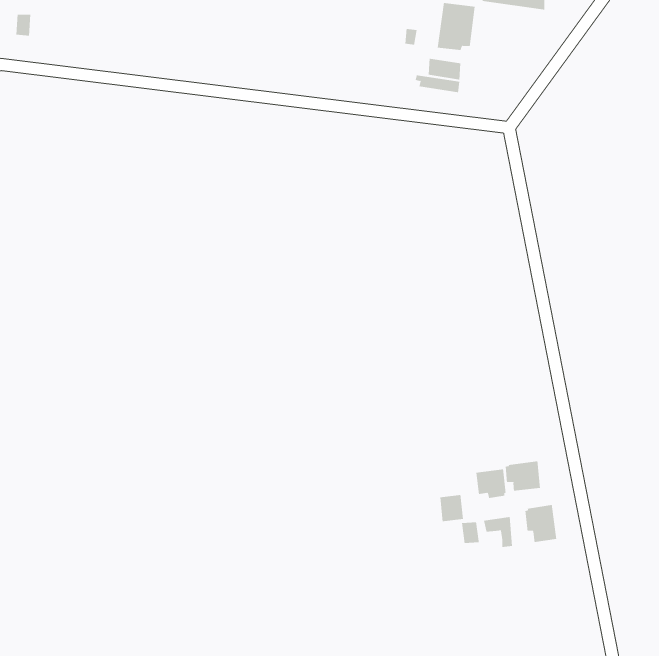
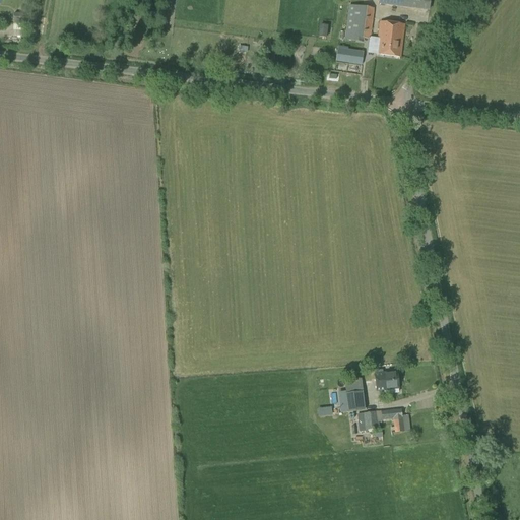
building: none -> [375,19,405,56]
building: [505,461,541,492] -> none
building: [525,504,557,543] -> none

